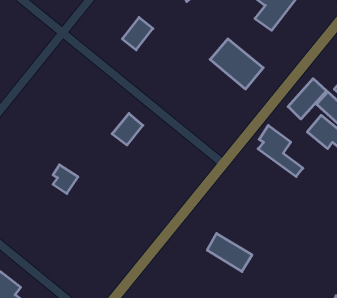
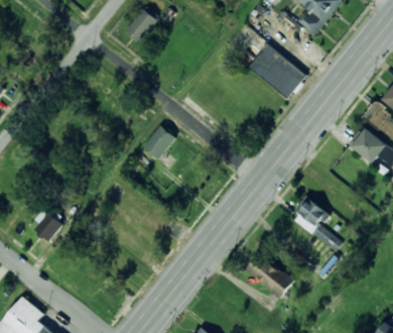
building: [122,17,153,50] -> [124,8,157,43]
building: [288,79,327,119] -> none
building: [258,125,303,177] -> [293,196,342,251]
building: [53,165,78,194] -> [34,210,61,241]

